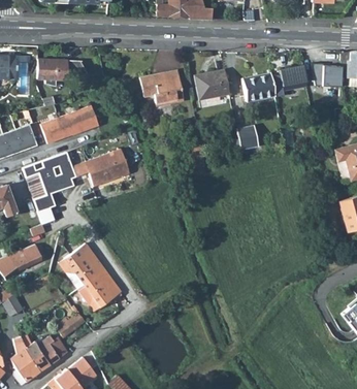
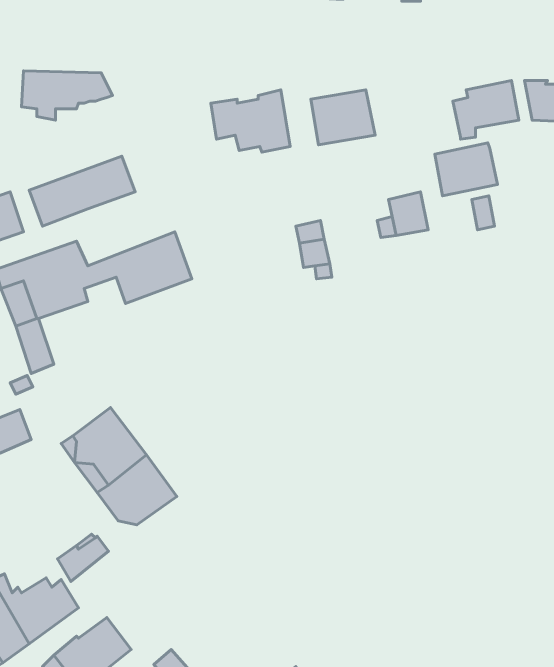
building: [242,72,277,101] -> [435,143,497,196]

